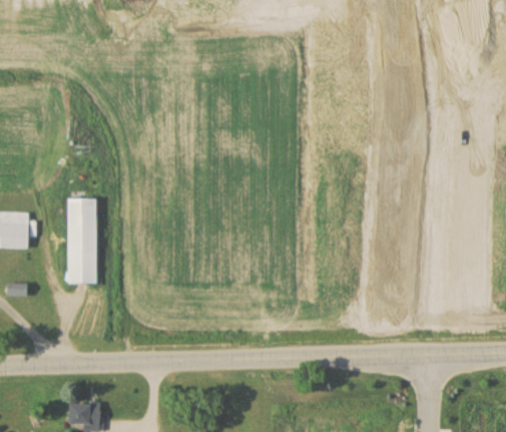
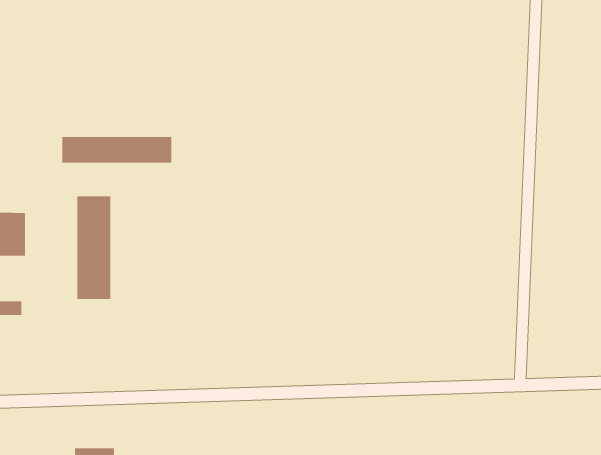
building: none -> [62,136,172,163]

